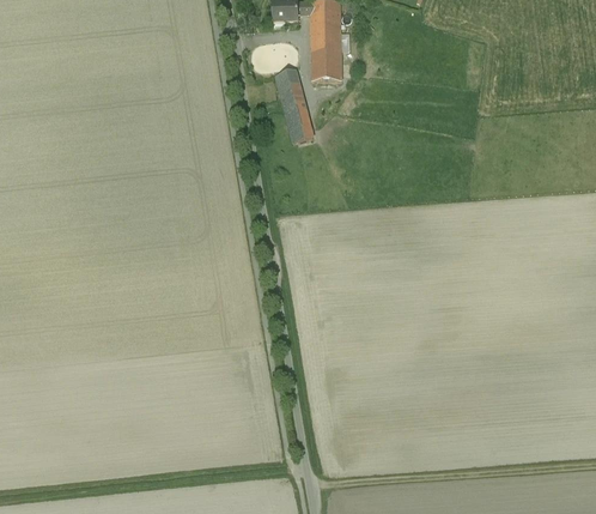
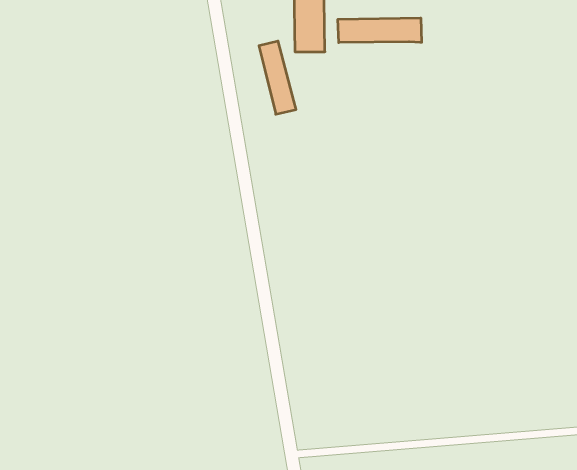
building: none -> [338,18,422,43]

